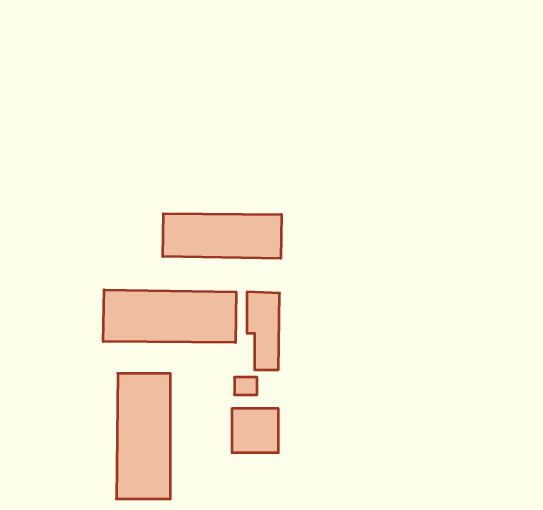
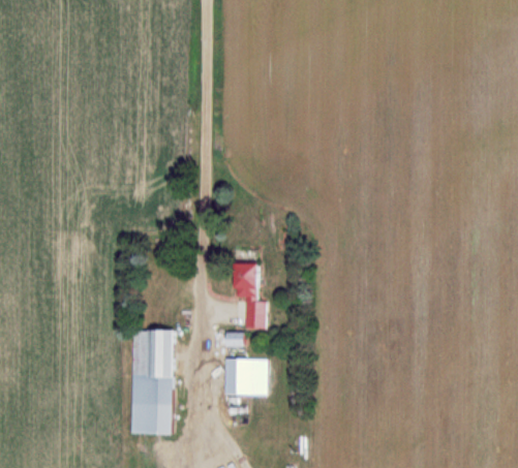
building: [163,214,281,258] -> none
building: [103,290,236,343] -> none

